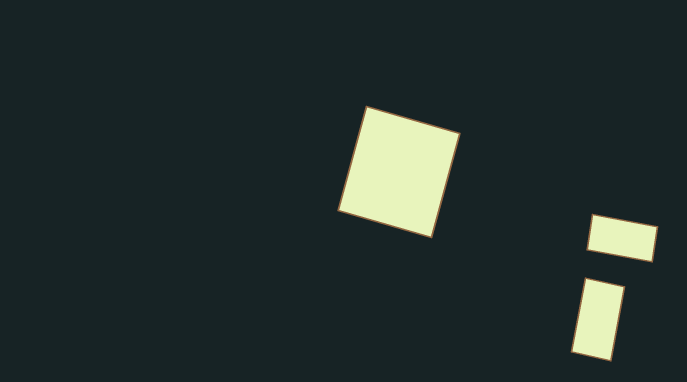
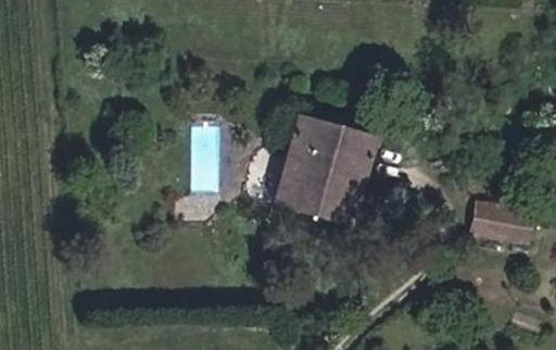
building: [572,278,625,361] -> none

